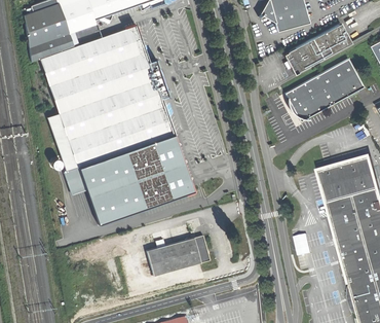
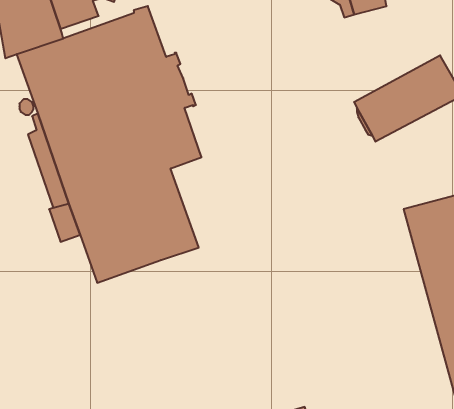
building: [282,23,350,73] -> none
building: [150,133,192,199] -> none
building: [146,236,210,276] -> none

